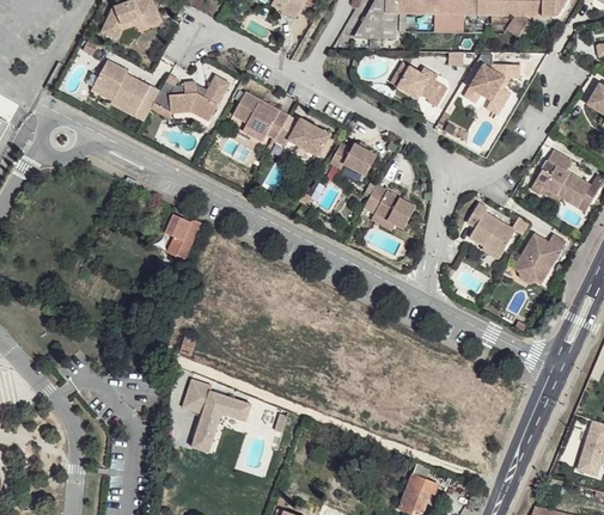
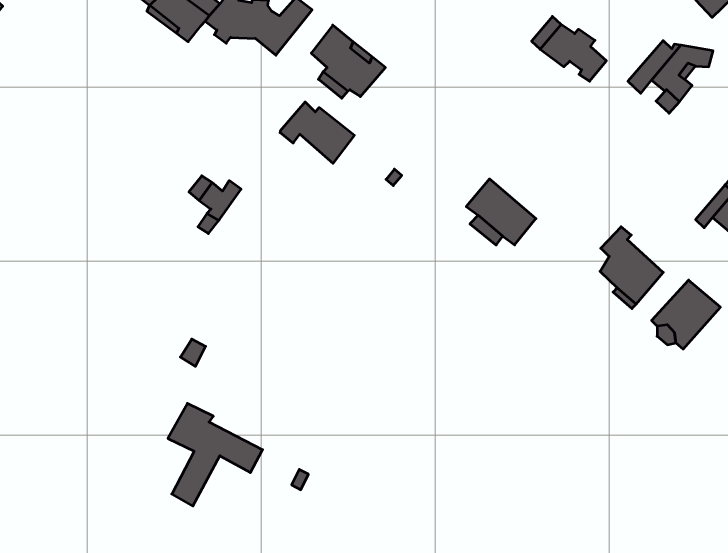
building: [276,117,330,158] -> [280,102,354,163]
building: [332,141,379,174] -> none

